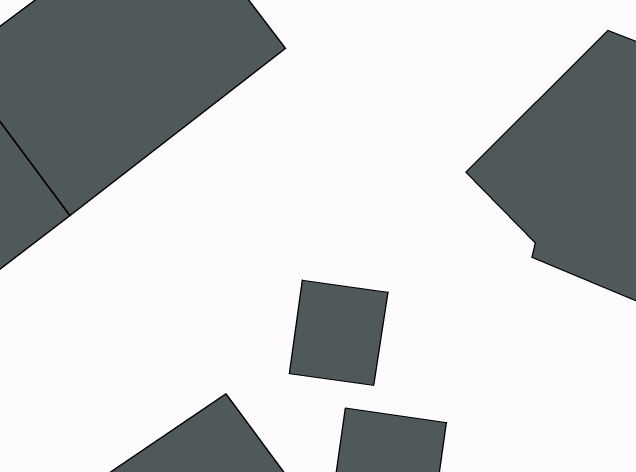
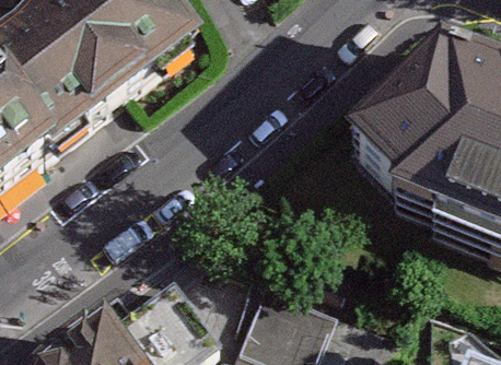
building: [290,280,388,385] -> none

